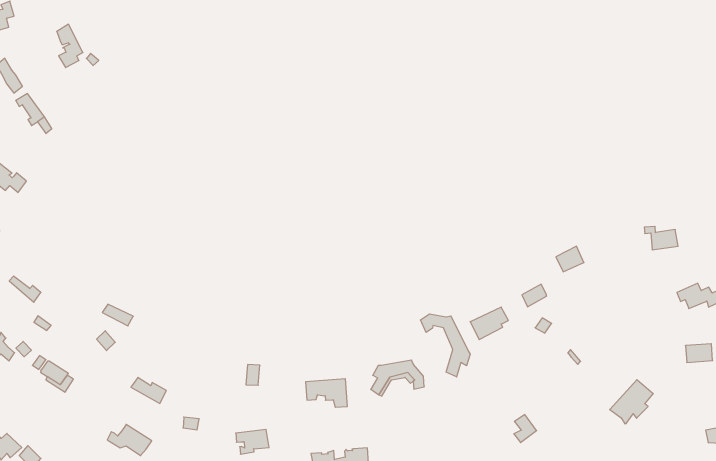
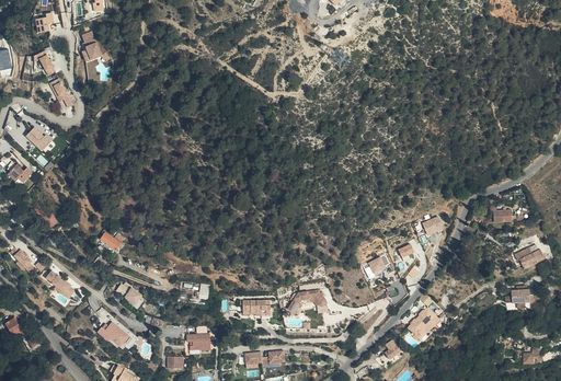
building: [420,314,470,377] -> none
building: [610,380,653,424] -> [410,307,442,337]

